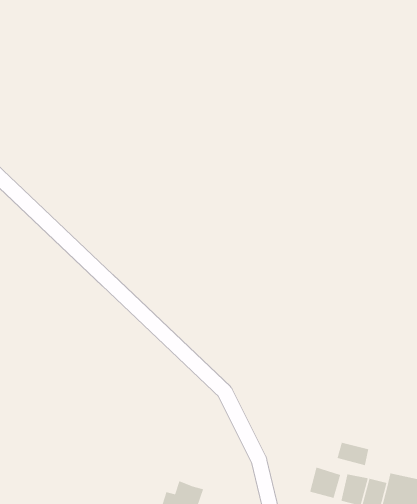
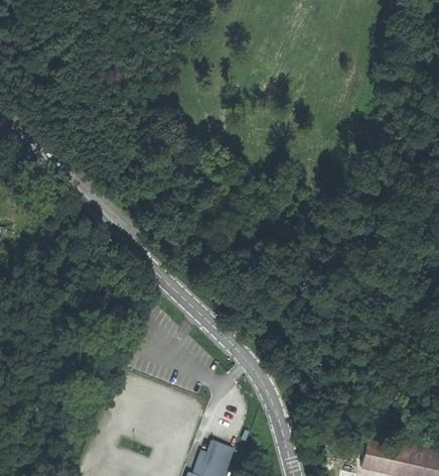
building: [336,442,369,466] -> none
building: [309,467,341,499] -> none

